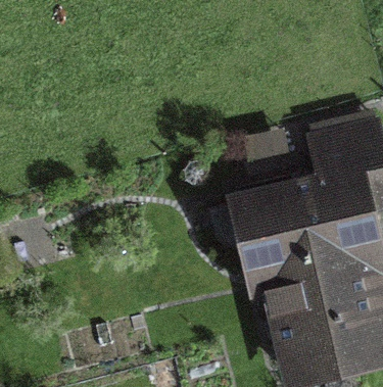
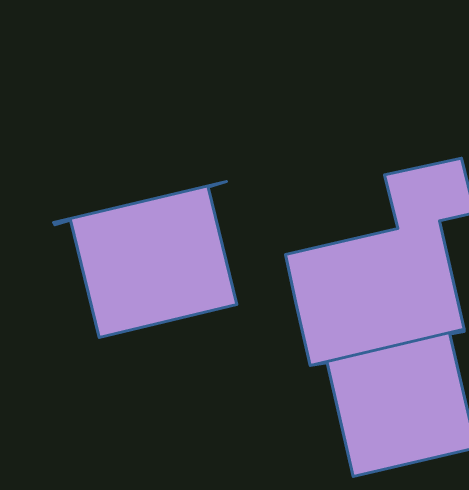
building: none -> [54,181,237,338]

